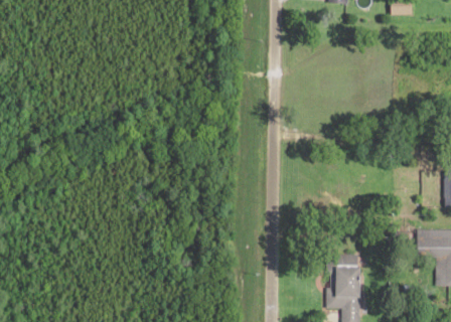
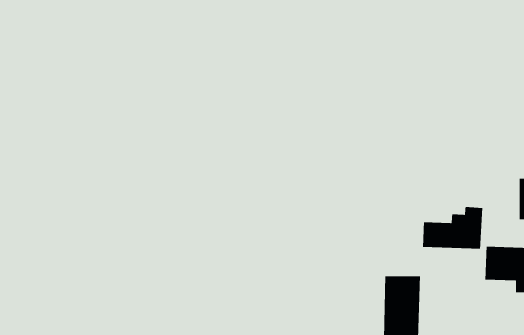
building: none -> [422,206,483,249]

